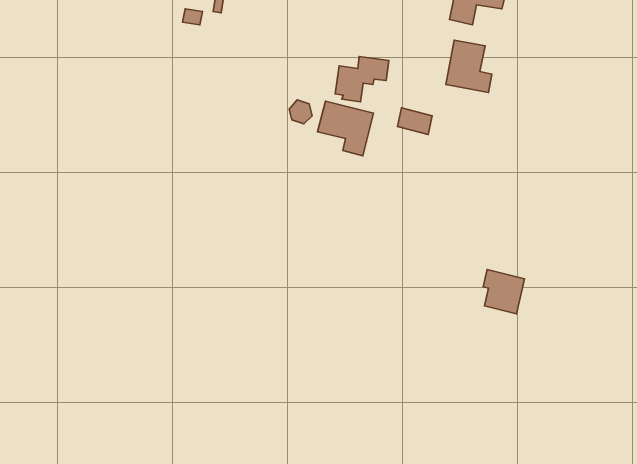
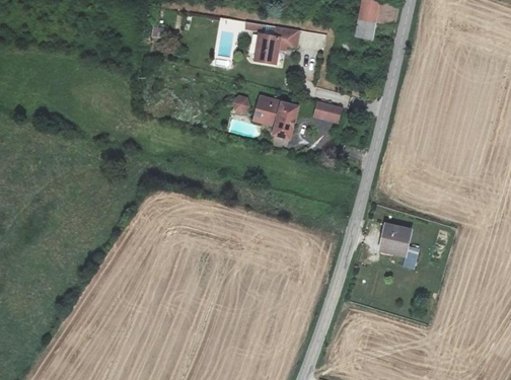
building: [446,40,492,93] -> none
building: [335,56,389,102] -> [257,28,297,63]

